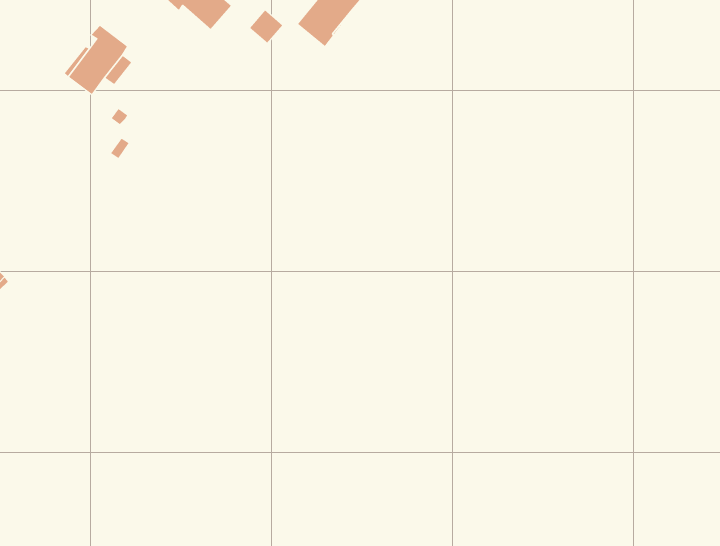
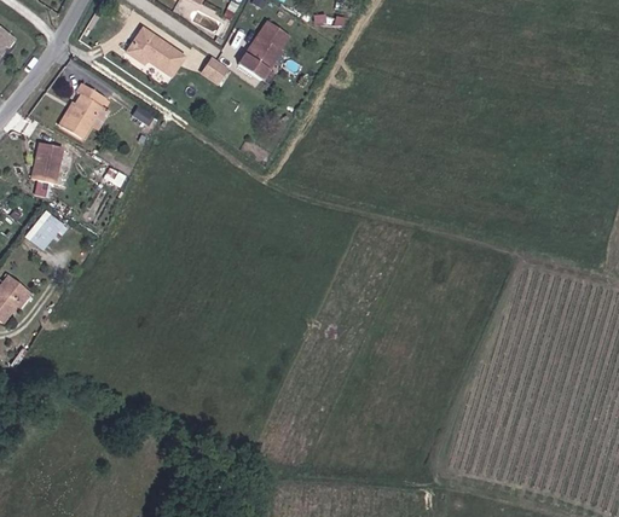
building: none -> [31,141,63,184]
building: none -> [25,208,64,249]

